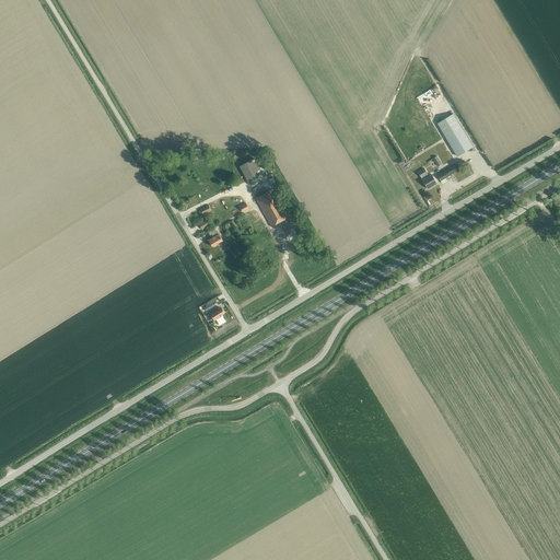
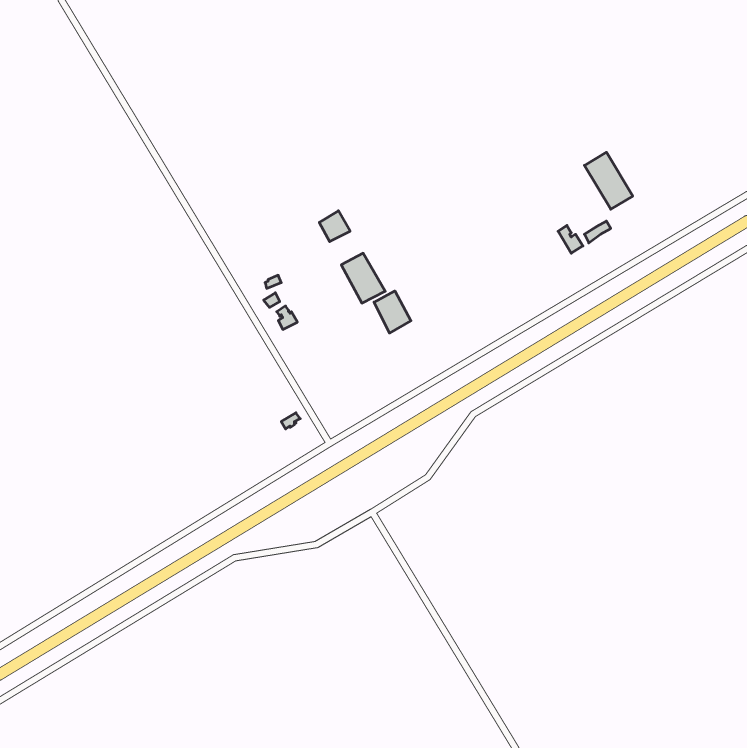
building: none -> [374,291,411,333]

